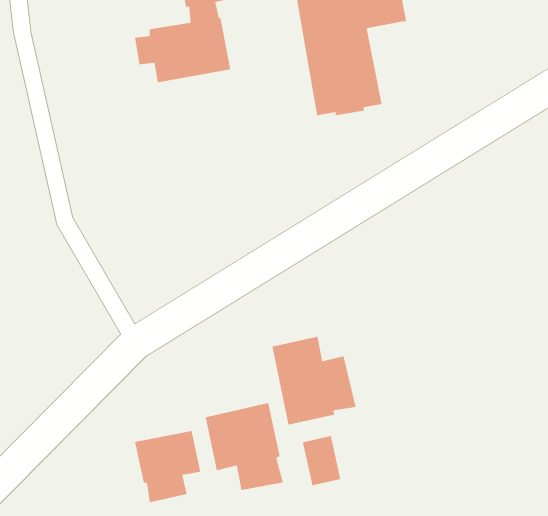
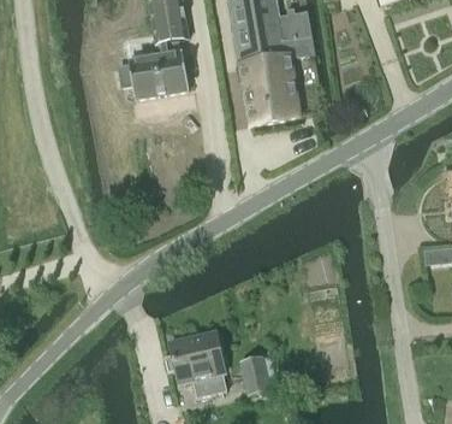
building: [271,336,356,426] -> none
building: [134,430,201,503] -> none

